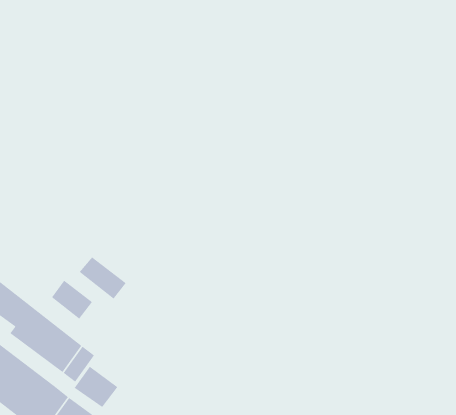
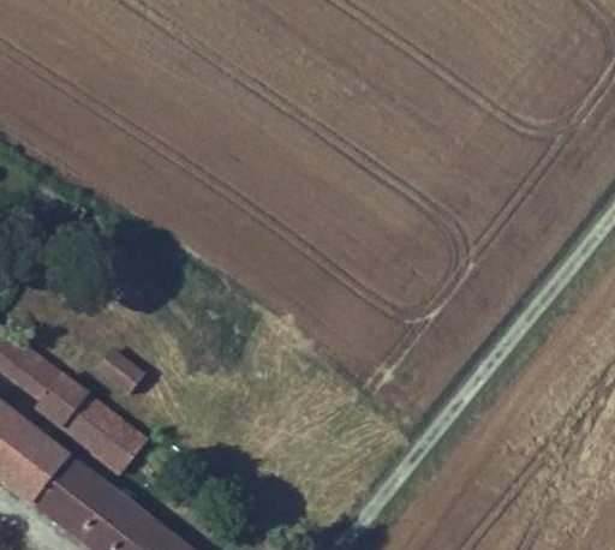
building: [79,256,126,299] -> none
building: [74,366,118,408] -> none

